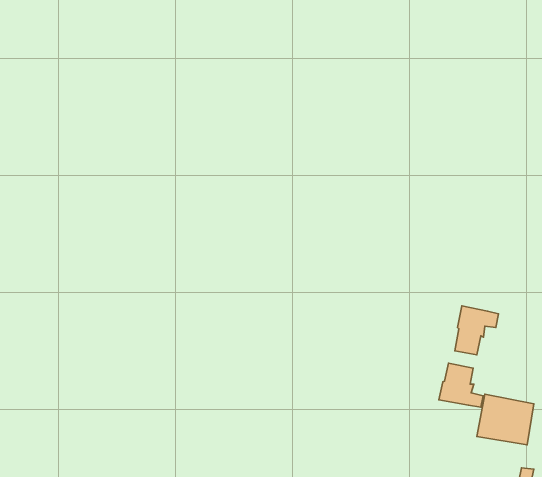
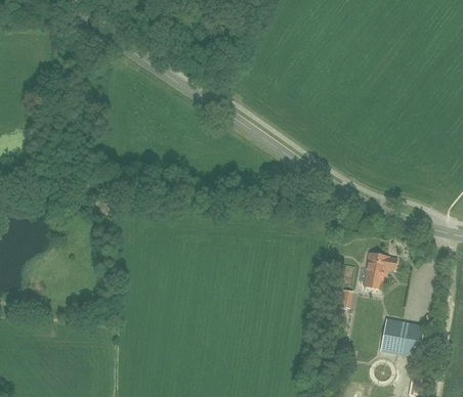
building: [439,363,483,407] -> none

